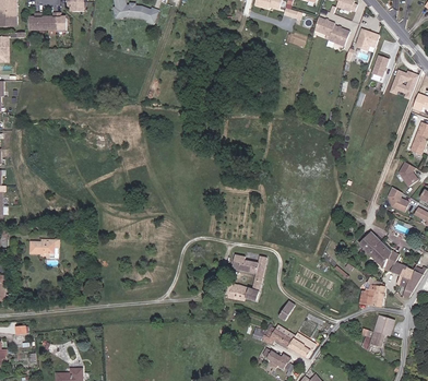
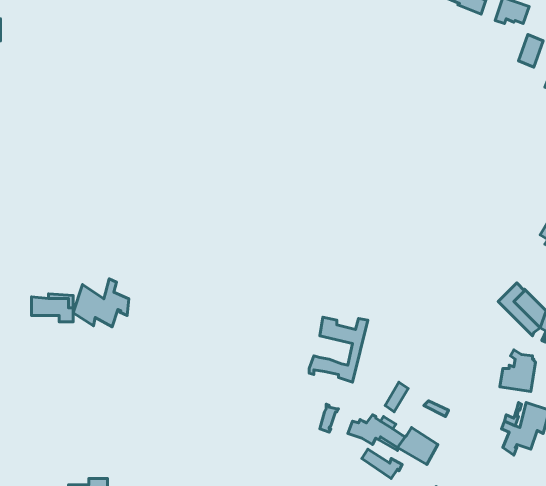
building: none -> [73,279,129,327]

